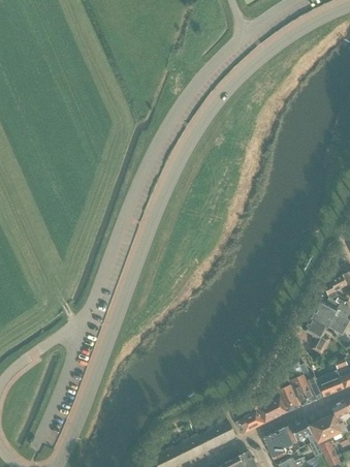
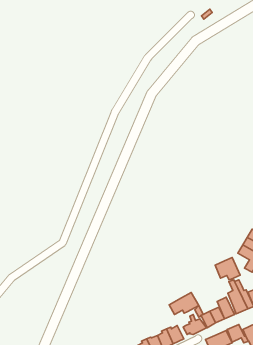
building: none -> [215,257,240,280]
building: none -> [169,293,199,315]

